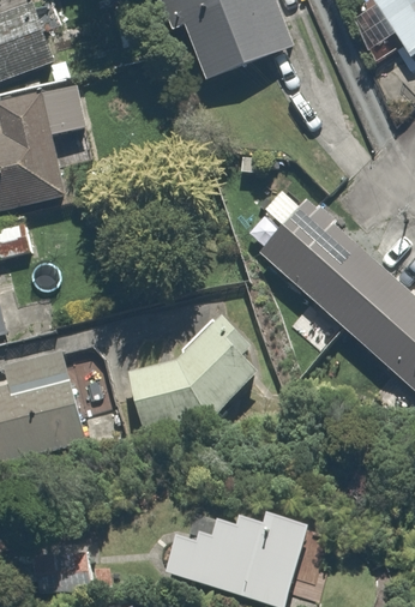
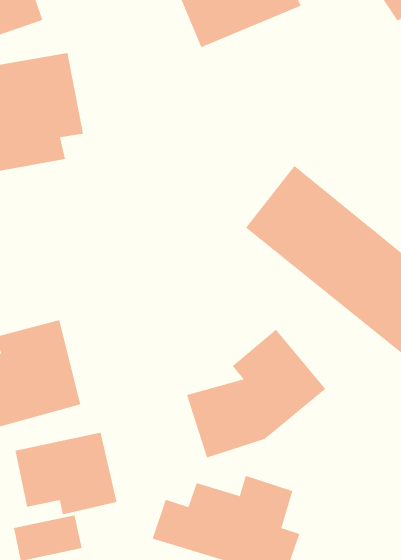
building: [126,306,266,435] -> [186,329,326,458]
building: none -> [15,432,117,515]

